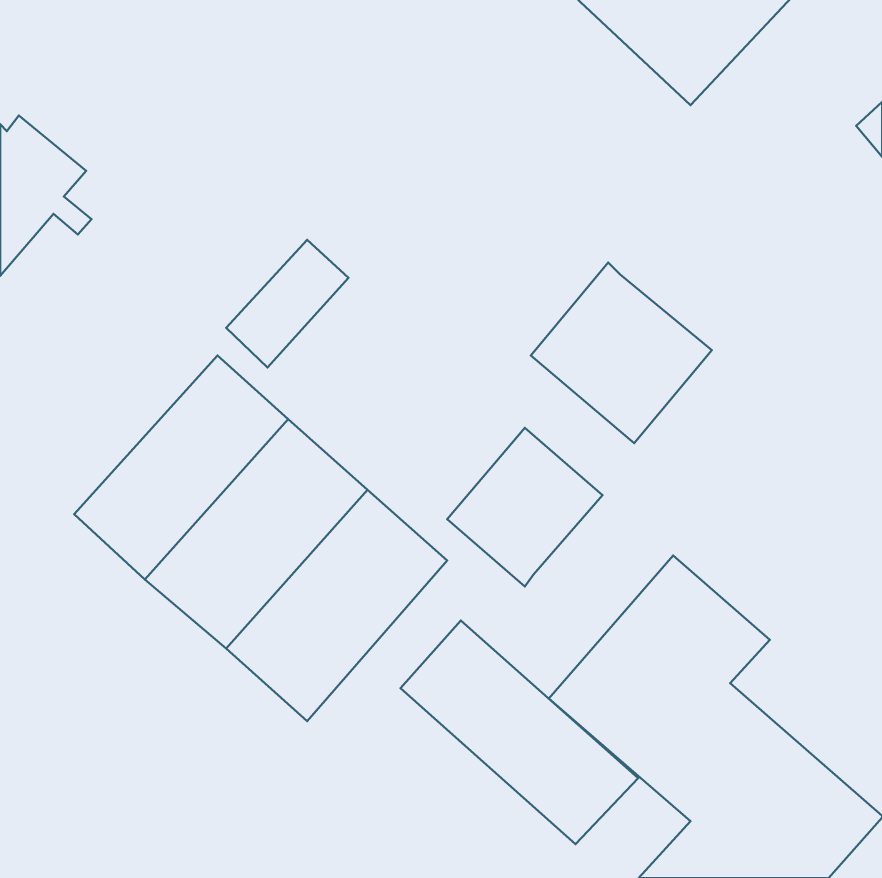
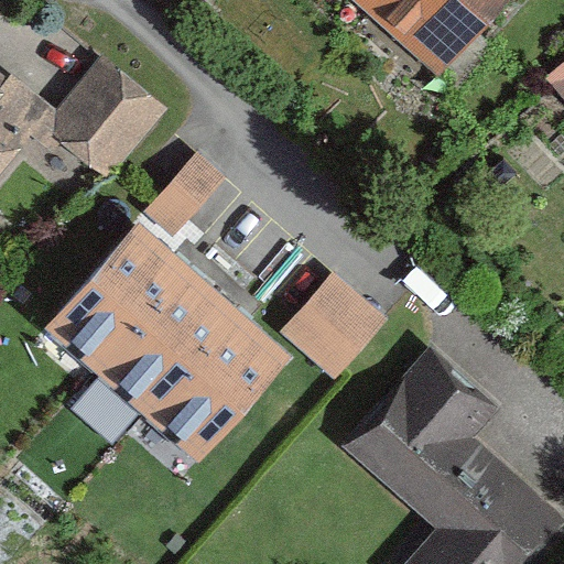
building: none -> [41,55,164,178]
building: [531,262,712,443] -> none
building: [400,620,638,844] -> none

